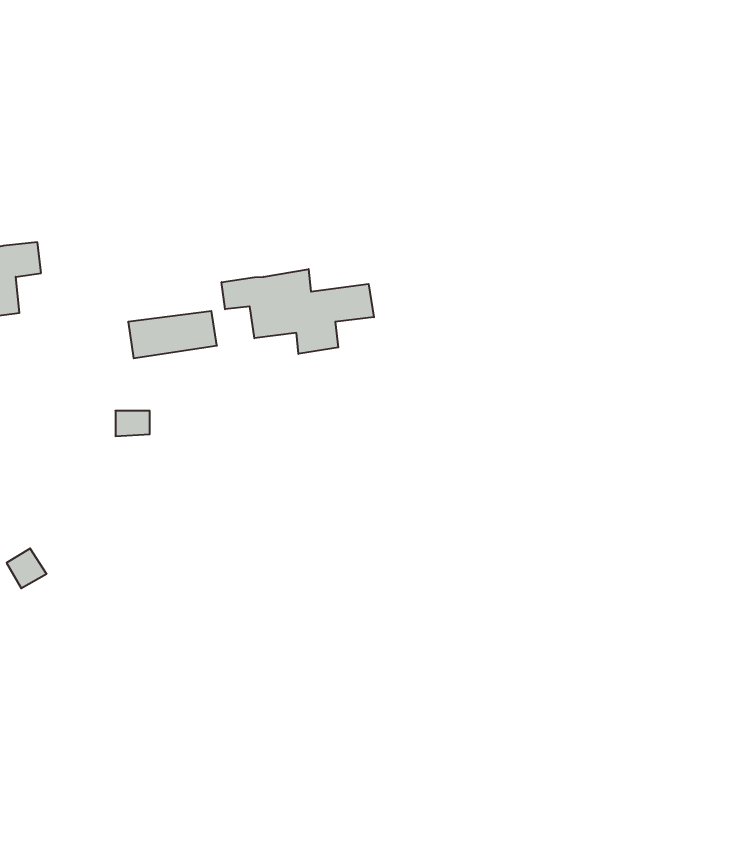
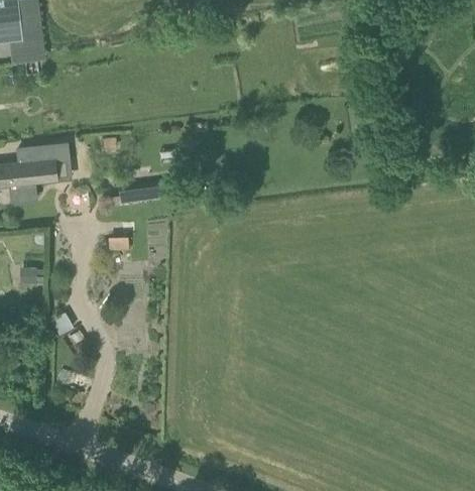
building: [222,269,374,354] -> none

